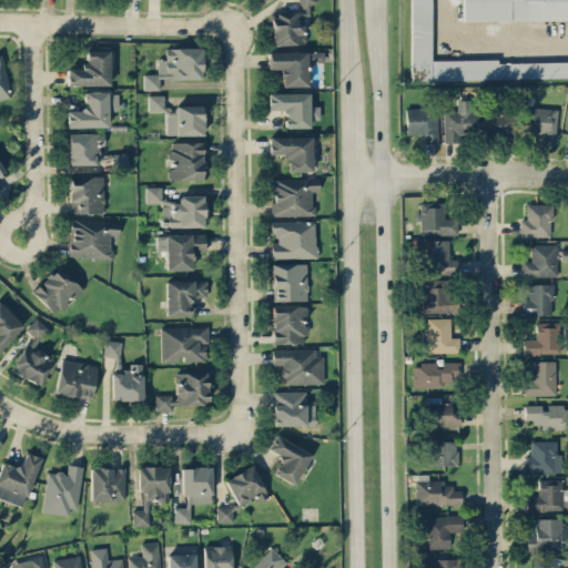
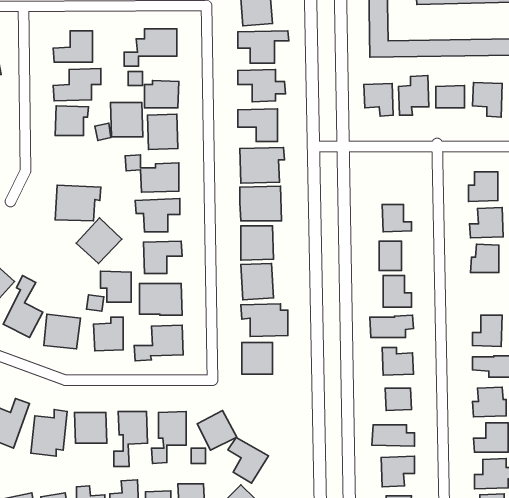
building: [70,176,105,214] -> [110,102,143,137]
building: [417,203,458,235] -> none
building: [33,265,83,315] -> [76,218,122,264]
building: none -> [100,271,131,302]
building: [525,323,560,355] -> none
building: [268,435,313,485] -> [228,438,269,483]

